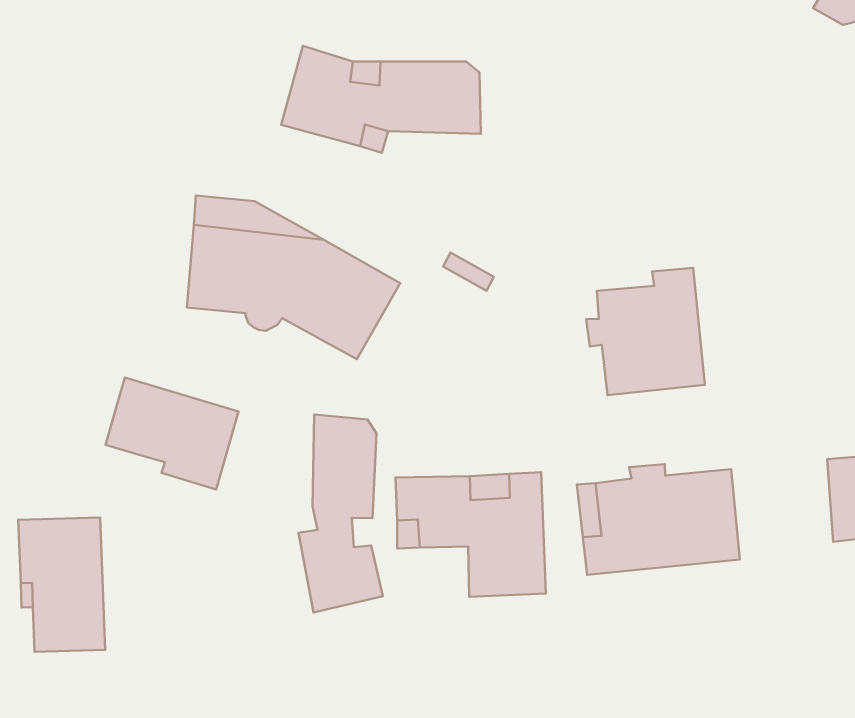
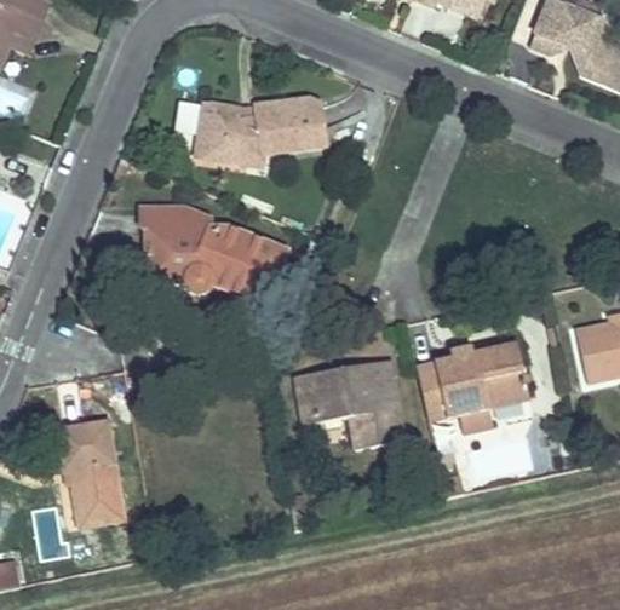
building: [586,268,705,395] -> none
building: [105,378,239,489] -> none
building: [298,415,383,612] -> none

